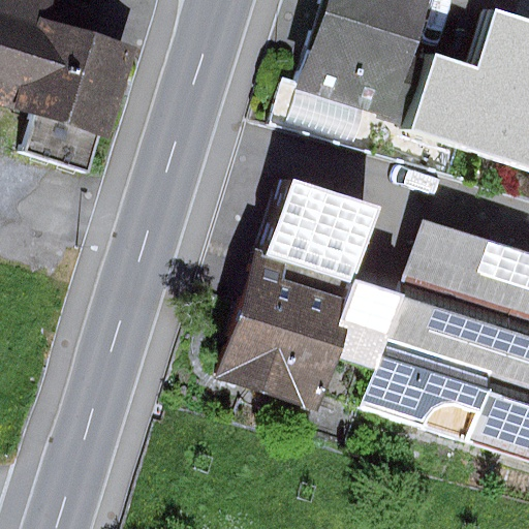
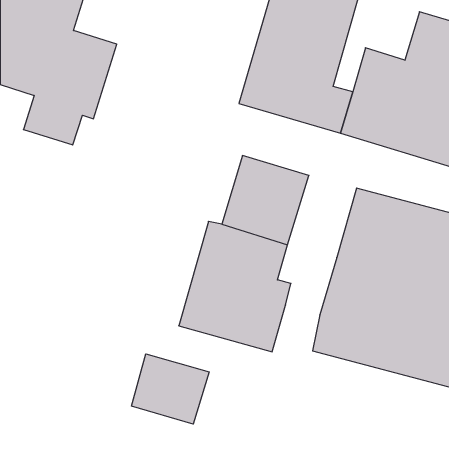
building: [331,281,399,362] -> none
building: none -> [131,354,209,424]

